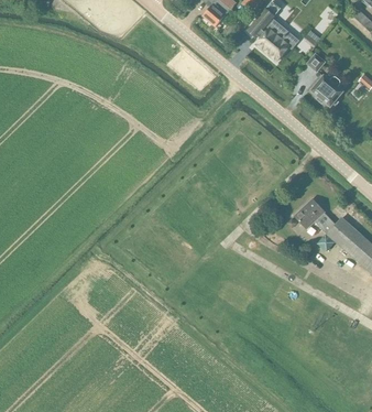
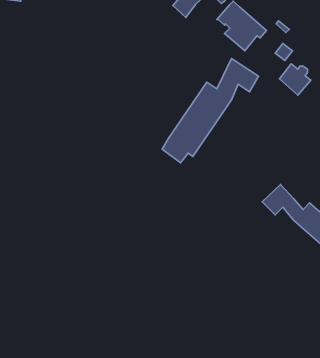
building: none -> [162,59,259,163]

